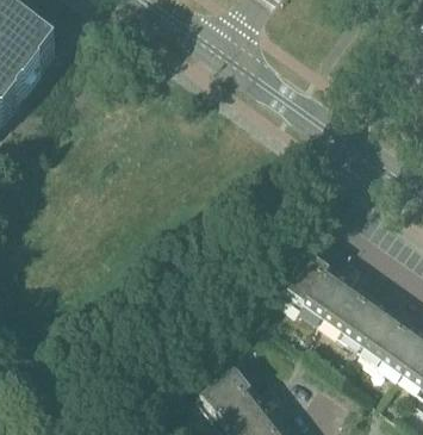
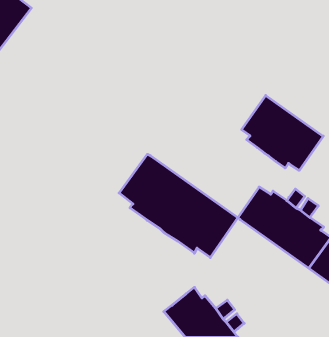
building: none -> [242,95,323,170]
building: none -> [119,154,238,258]

